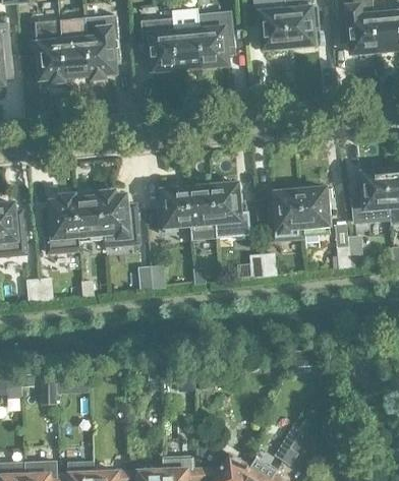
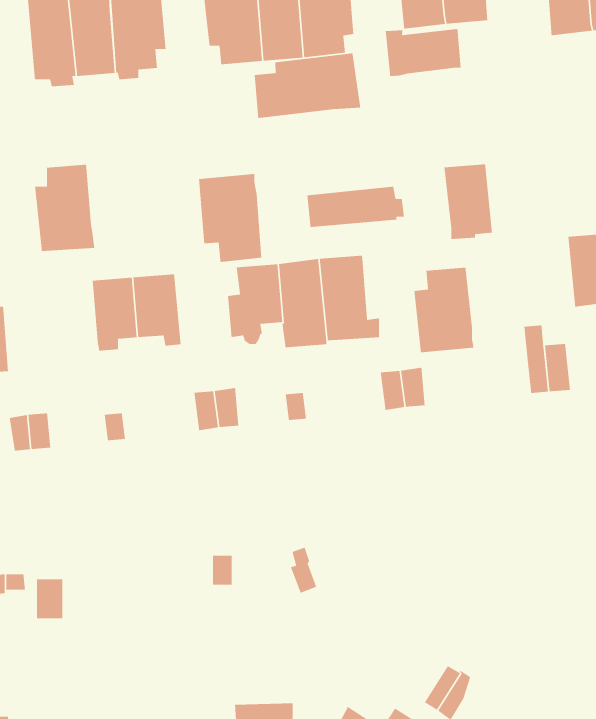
building: none -> [385,28,462,77]
building: none -> [254,52,361,119]
building: none -> [198,173,262,263]
building: none -> [306,186,405,228]
building: [300,189,330,235] -> [444,164,493,240]
building: [44,199,80,252] -> [34,164,95,252]

